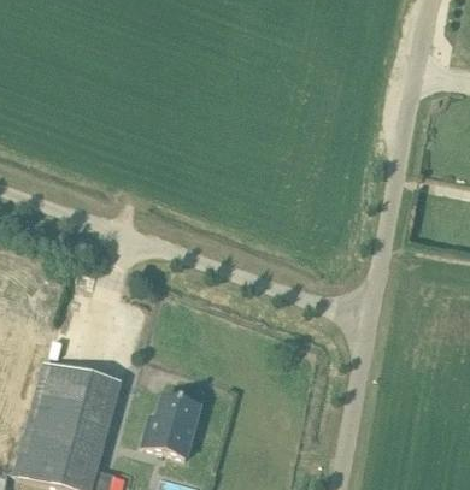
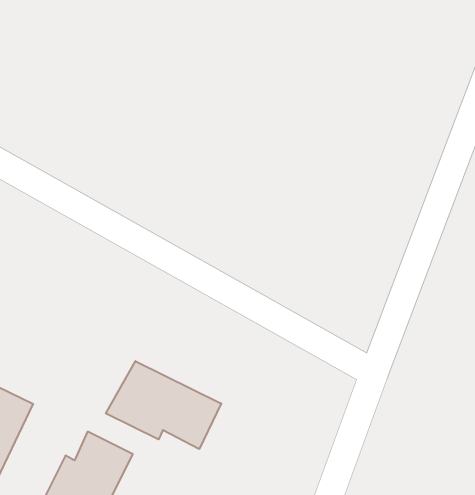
building: none -> [106,361,221,449]

